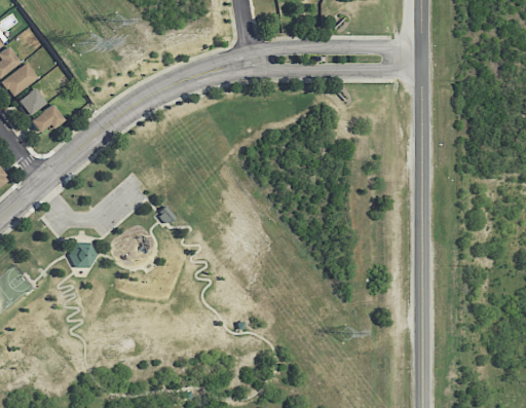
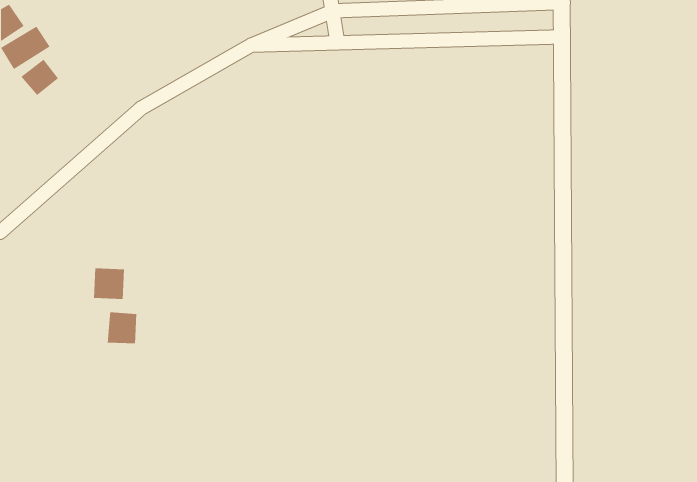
building: [30,104,64,132] -> none
building: none -> [107,312,137,344]

